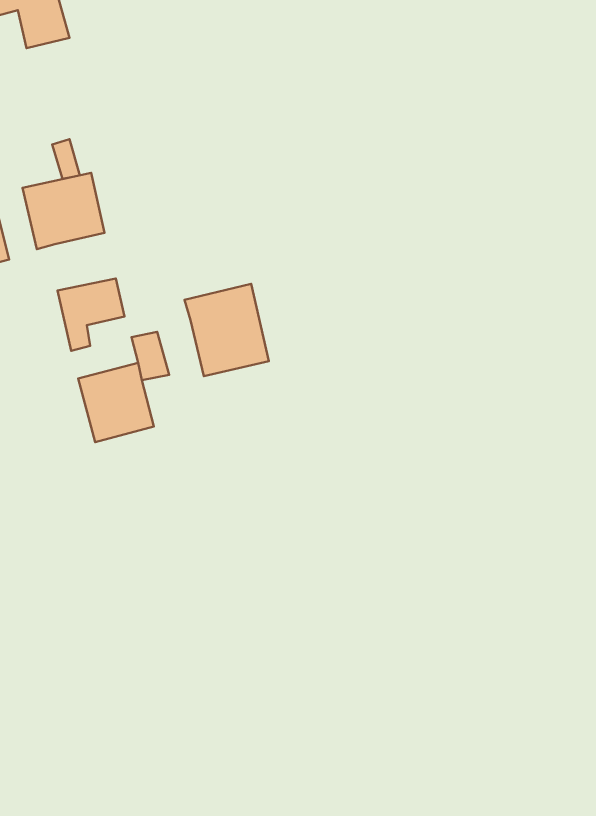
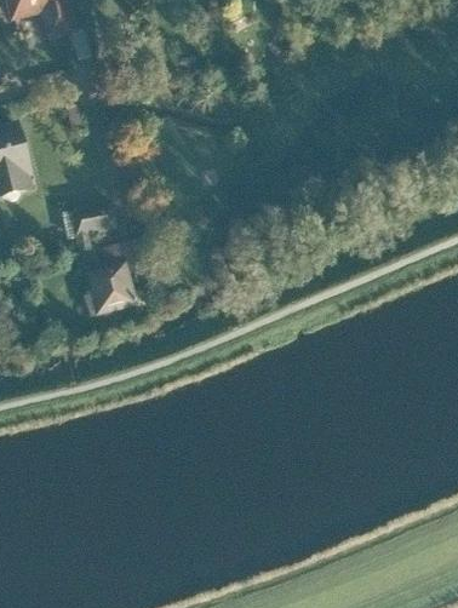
building: [23,173,104,249] -> none
building: [184,284,269,376] -> none

